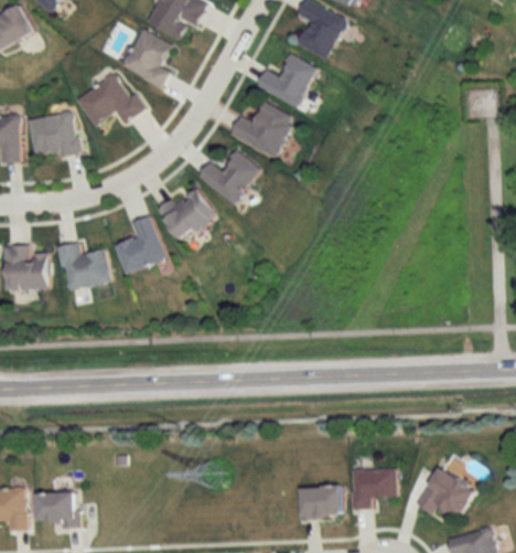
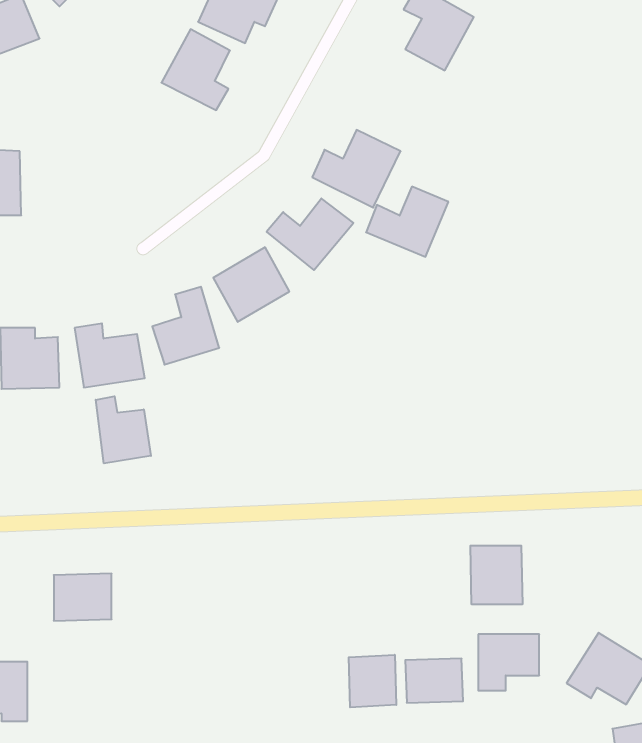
building: [257,55,316,106] -> [366,187,448,257]
building: [76,74,144,126] -> none
building: [28,111,80,158] -> none
building: none -> [96,396,151,463]
building: none -> [470,546,522,604]
building: none -> [349,655,396,707]
building: [35,490,77,524] -> [54,574,112,621]

